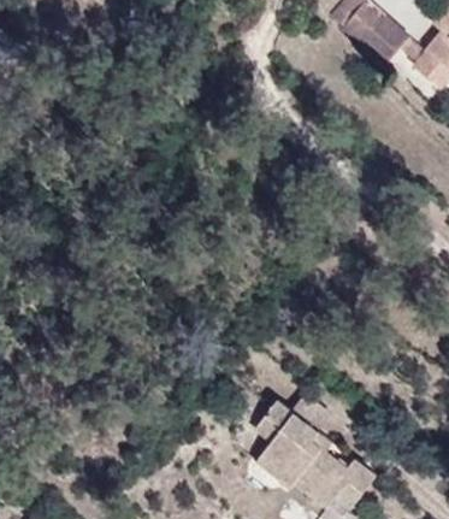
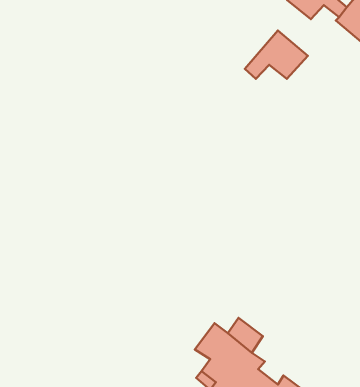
building: none -> [245,30,308,79]

